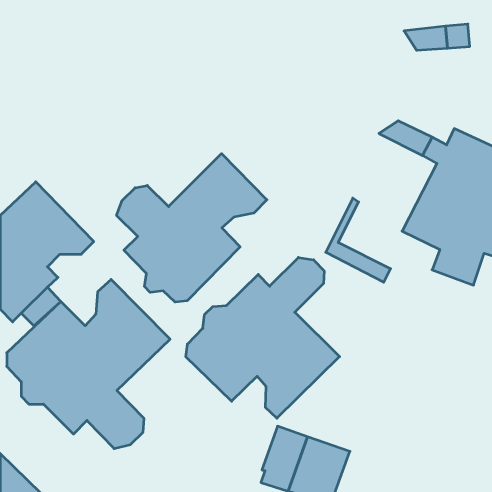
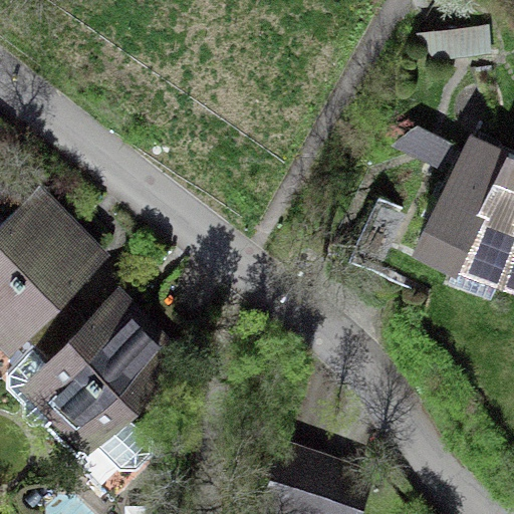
building: [117,154,267,302] -> none
building: [186,257,340,418] -> none

